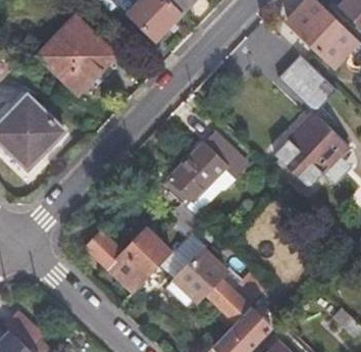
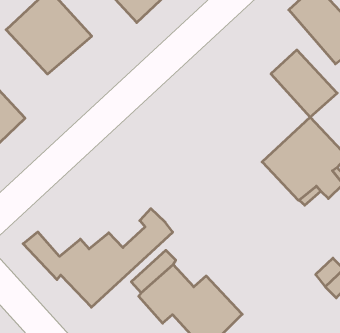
building: [161,134,243,213] -> none

